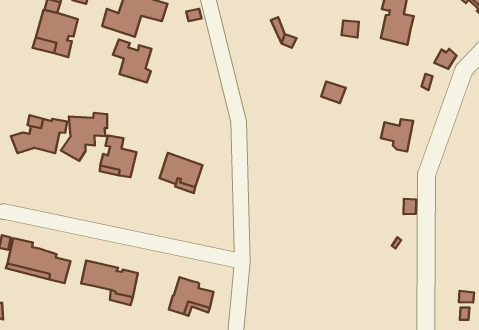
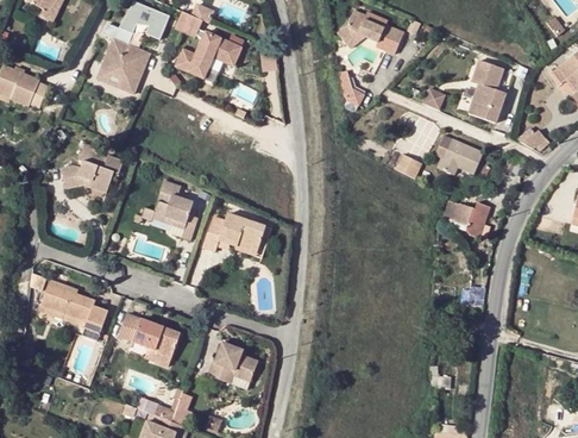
building: [113,39,152,82] -> none
building: none -> [438,137,484,174]
building: [61,113,107,161] -> none

